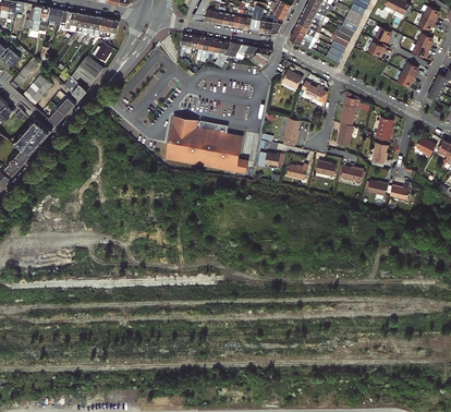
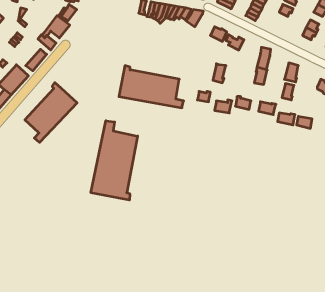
building: none -> [25,83,77,142]
building: none -> [91,121,138,200]

